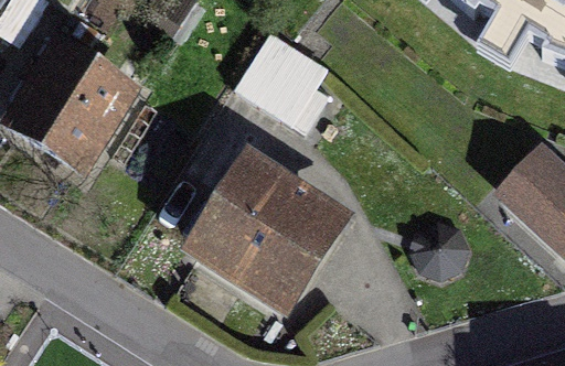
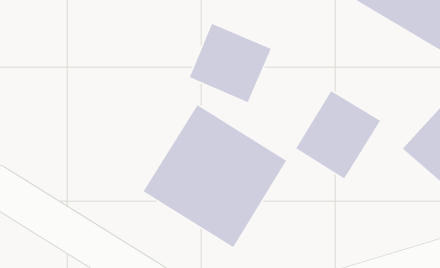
building: [10,35,141,168] -> none
building: none -> [295,90,381,180]

